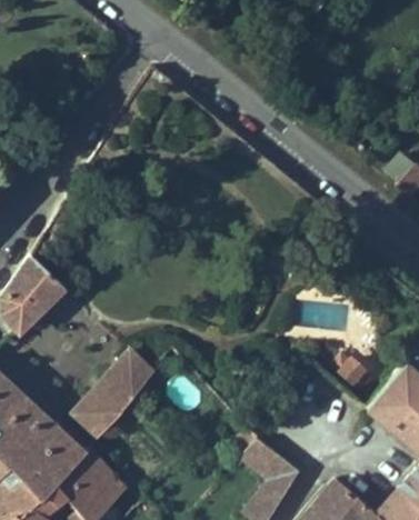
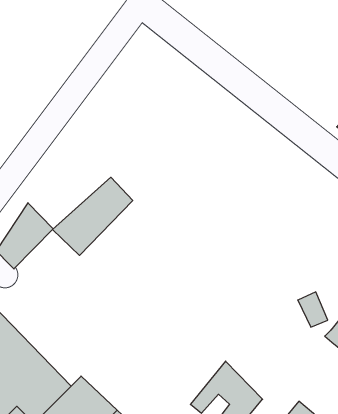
building: [70,360,159,447] -> [53,177,133,255]

